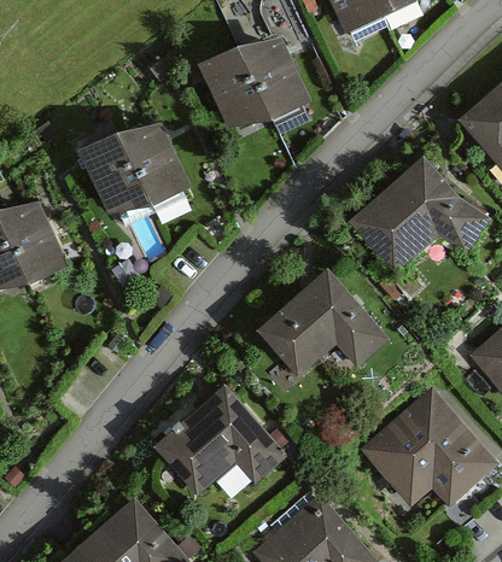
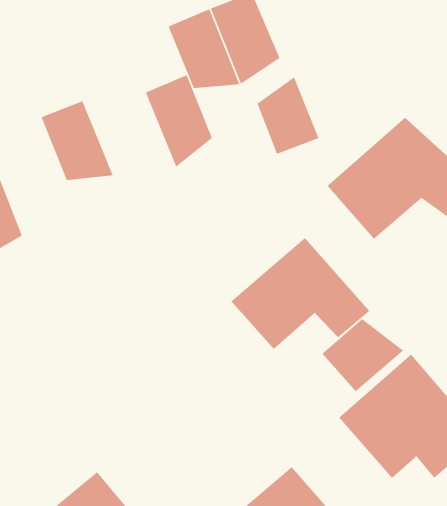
building: none -> [257,76,320,155]
building: [121,125,185,213] -> [145,74,213,168]
building: none -> [322,318,404,392]
building: [152,377,282,487] -> none

